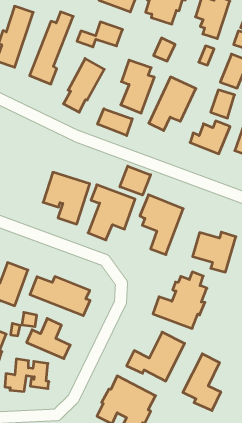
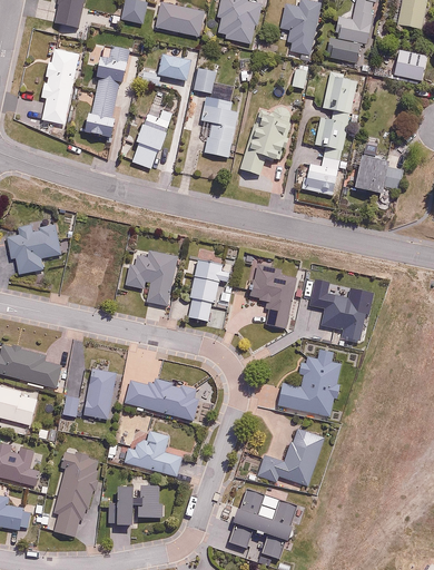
building: [154,38,175,61] -> [193,65,217,92]
building: [98,109,132,136] -> none
building: [120,166,151,195] -> none
building: [183,354,221,411] -> none

